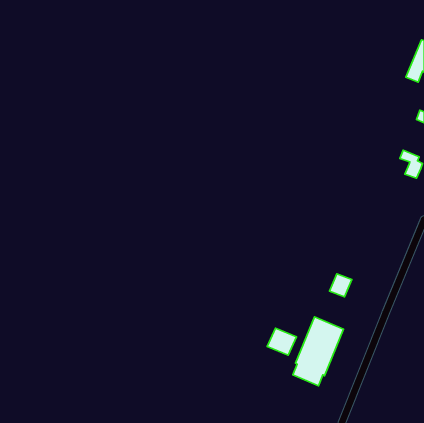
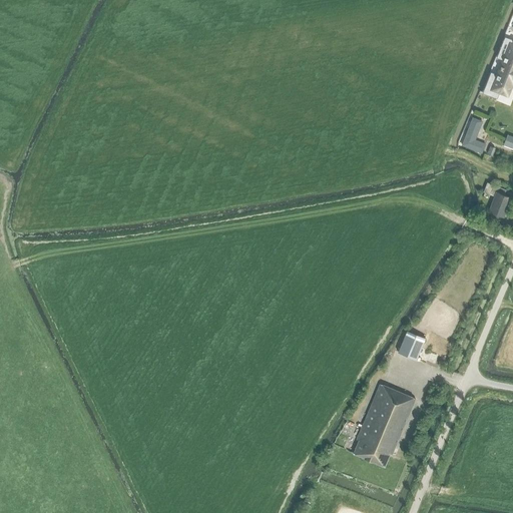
building: none -> [461,116,485,152]
building: [267,328,297,355] -> none

